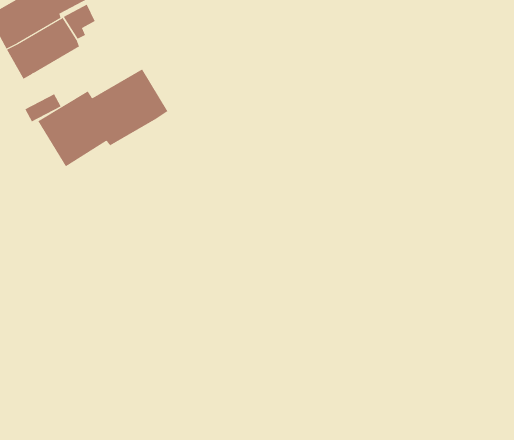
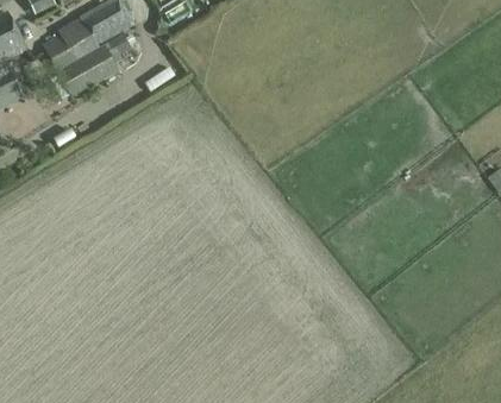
building: [37,69,168,167] -> none

